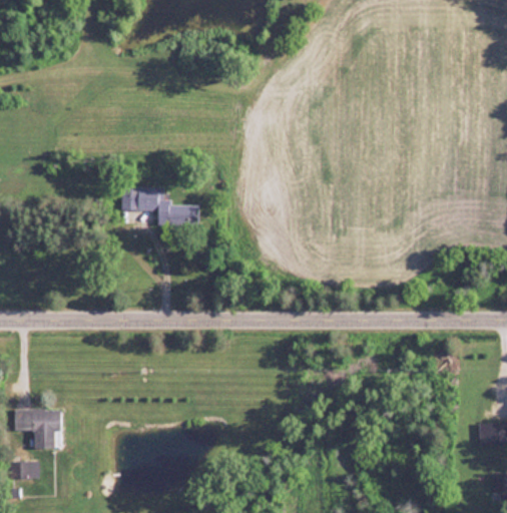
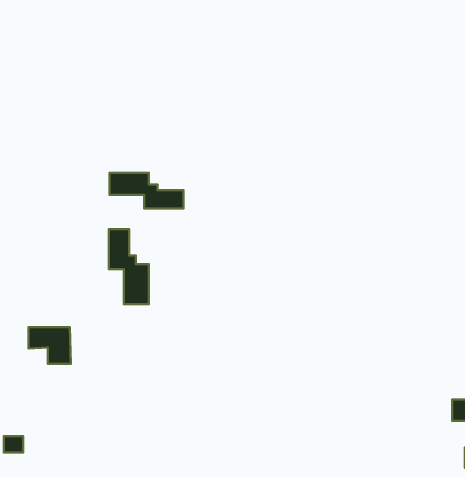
building: none -> [109,229,149,304]
building: [16,410,60,448] -> [29,327,71,364]

